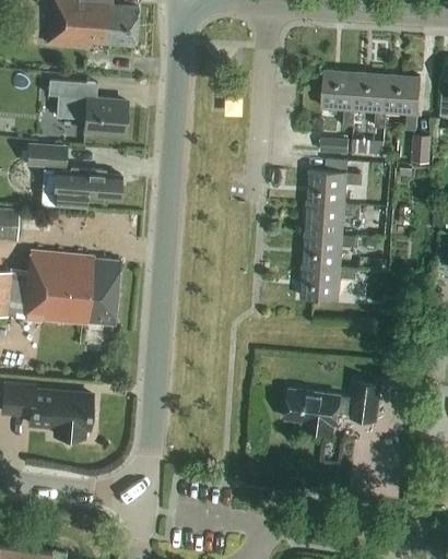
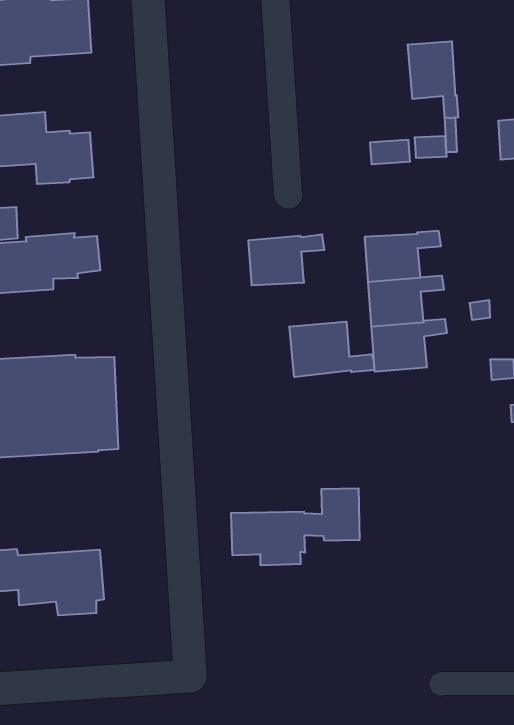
building: [322,70,356,126] -> none
building: [385,74,420,130] -> none
building: [307,170,362,205] -> [248,234,325,285]
building: none -> [289,322,374,377]
building: [285,381,380,431] -> [231,488,360,565]

